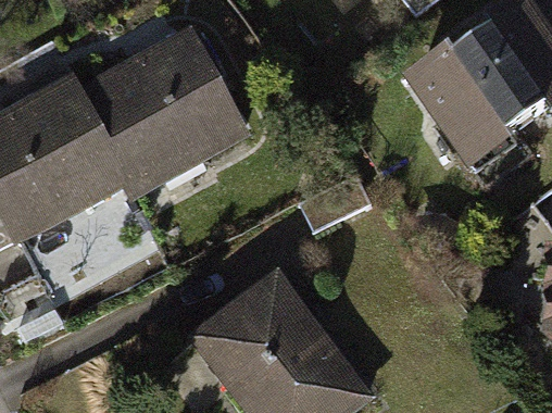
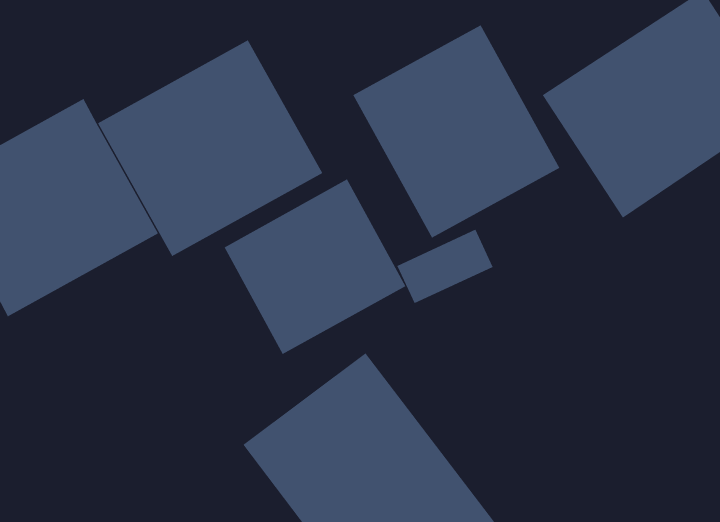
building: none -> [352,25,560,239]
building: none -> [224,179,406,355]

